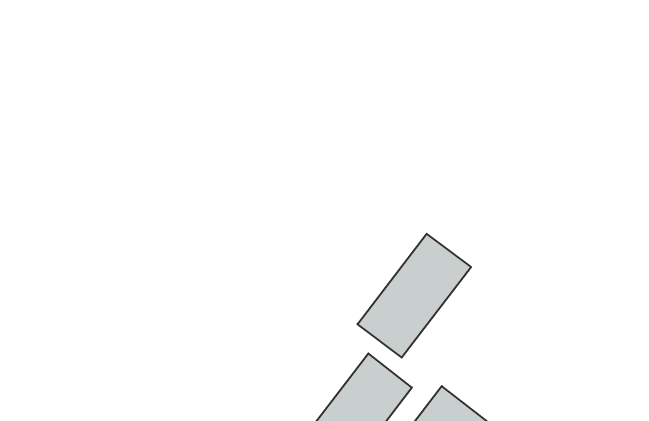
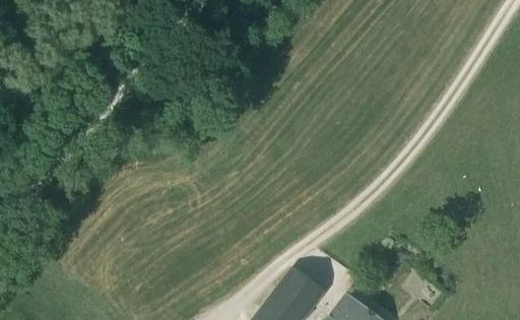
building: [357,234,471,358] -> none

